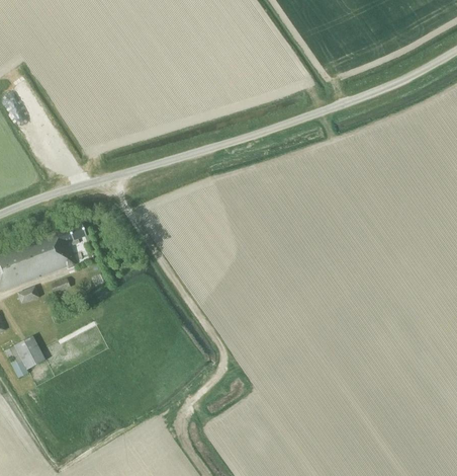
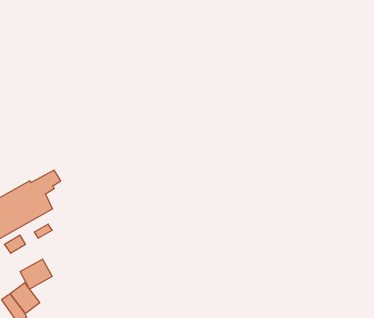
building: none -> [20,259,52,289]

